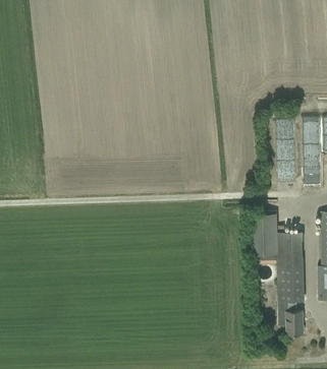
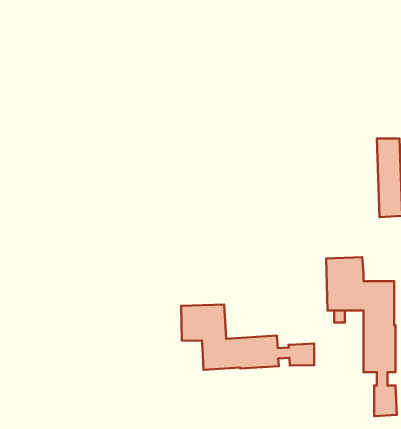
building: none -> [181,304,314,370]

